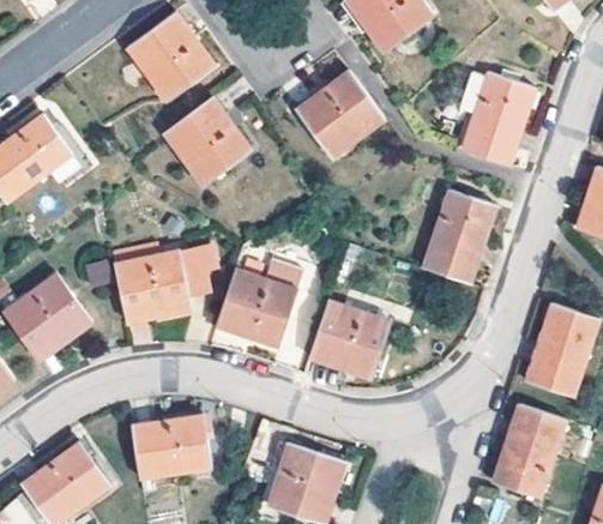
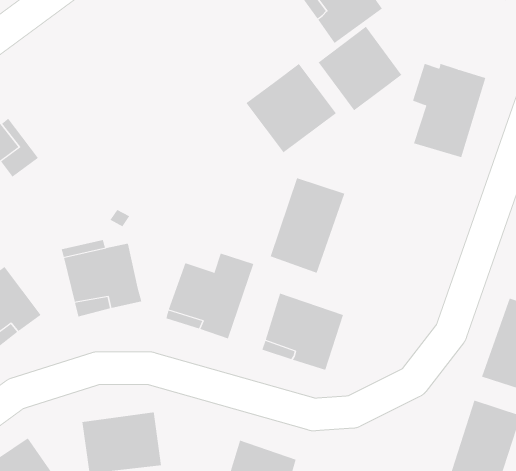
building: [126,16,213,103] -> none
building: none -> [318,26,402,111]
building: [161,100,249,188] -> none
building: [422,189,496,284] -> [270,178,345,274]
building: [179,243,213,294] -> none

